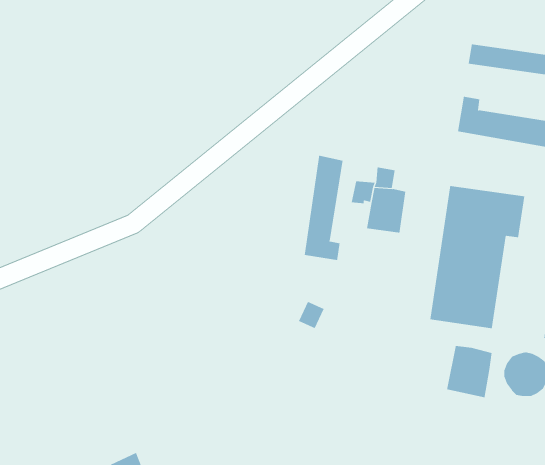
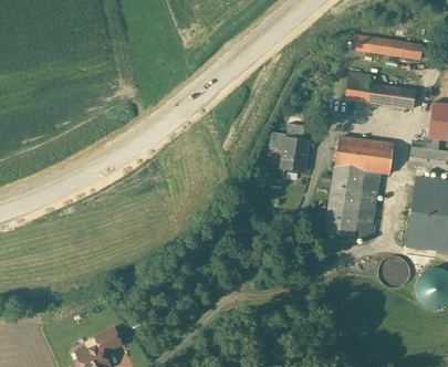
building: [304,155,343,261] -> none
building: [447,345,492,398] -> none

